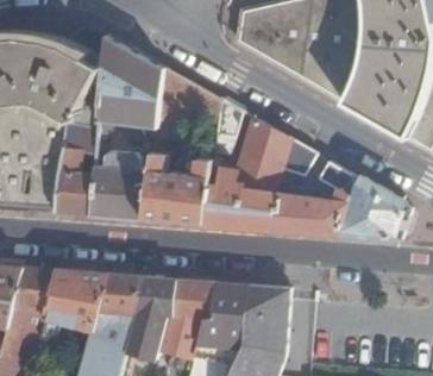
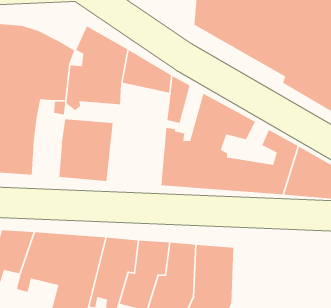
building: [61,146,94,215] -> none
building: [146,152,213,225] -> none

